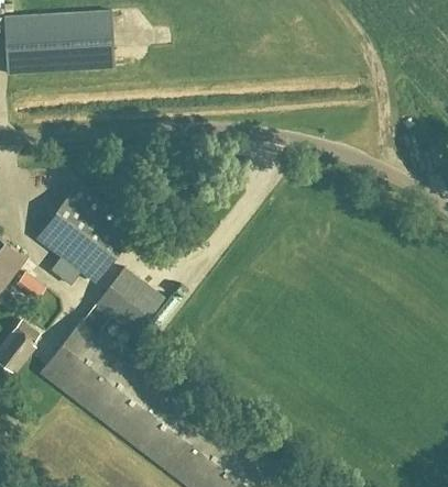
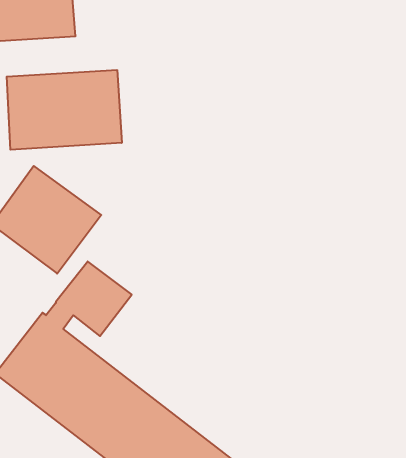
building: none -> [7,70,122,150]

